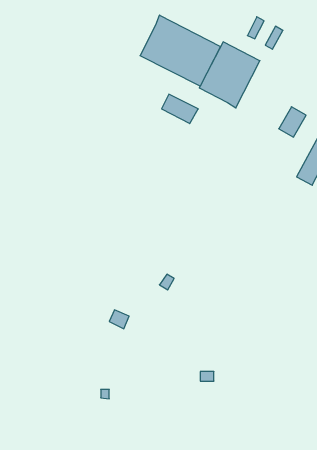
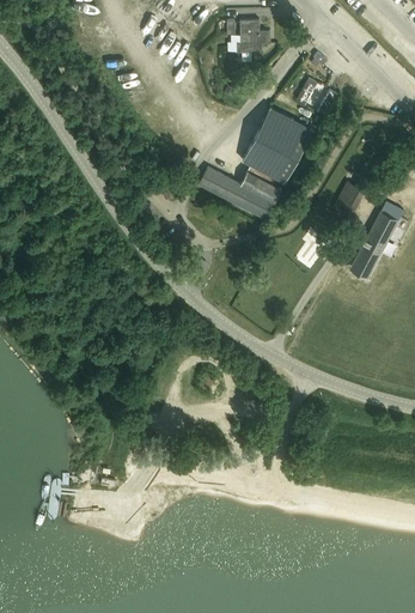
building: [140,15,221,86] -> none
building: none -> [231,172,281,220]

